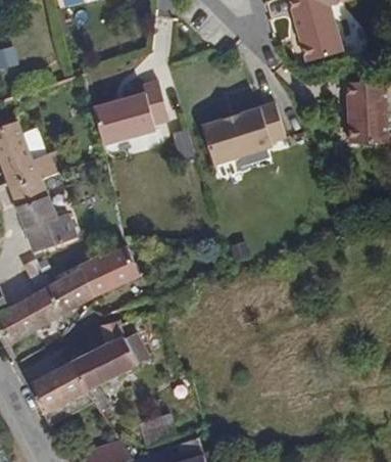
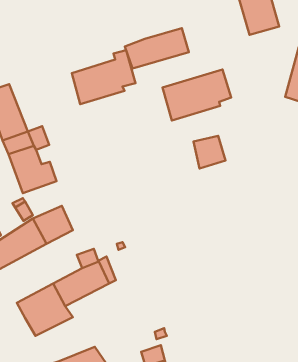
building: none -> [125,28,189,69]
building: none -> [193,136,226,168]
building: [80,243,139,297] -> none

